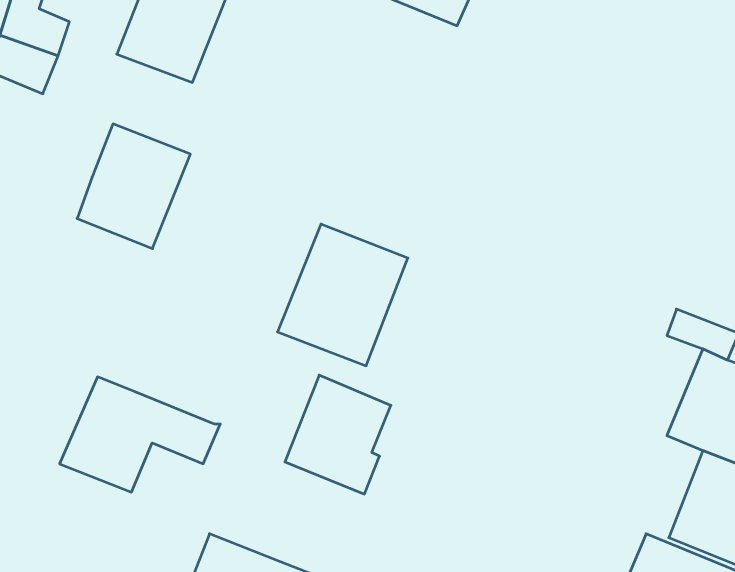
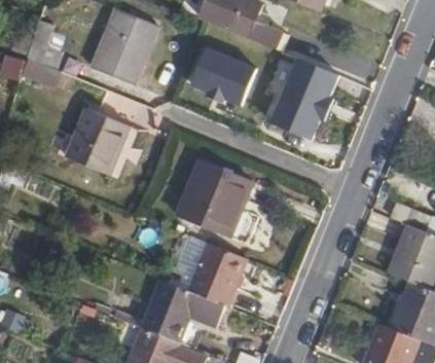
building: none -> [188,47,253,107]
building: none -> [269,61,339,142]
building: [60,377,220,492] -> [141,279,228,341]

